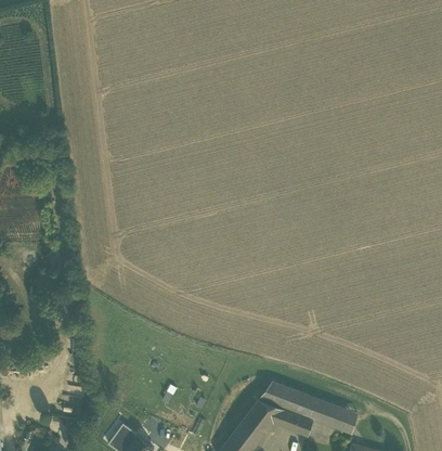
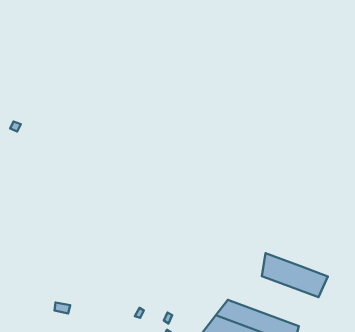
building: none -> [262,253,328,297]

